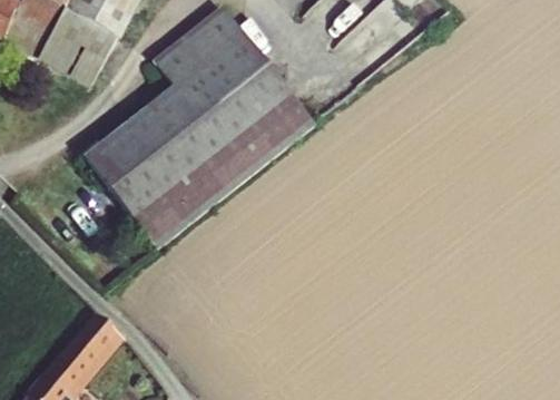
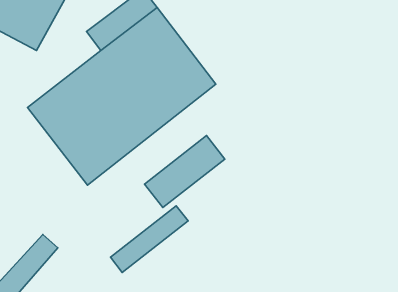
building: none -> [145,136,225,207]
building: none -> [110,206,188,272]

